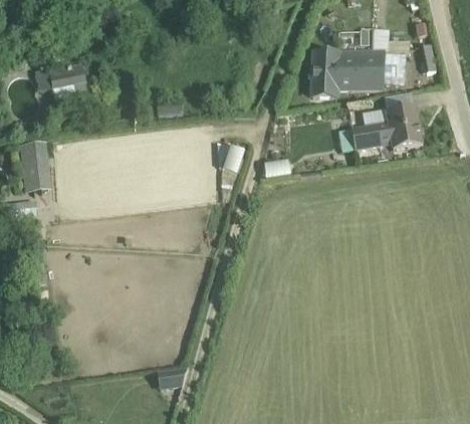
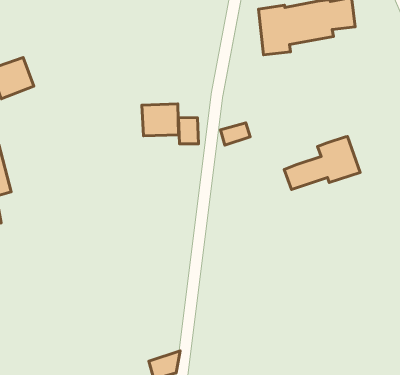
building: [350,105,423,148] -> [284,137,360,190]
building: none -> [142,104,178,136]

